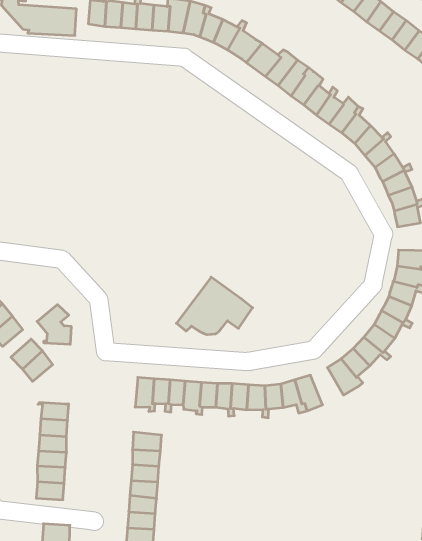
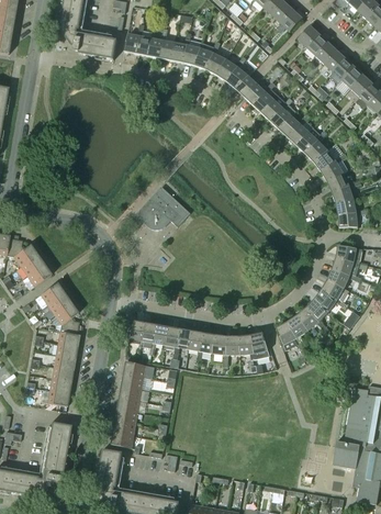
building: [176,277,253,335] -> [132,186,190,228]
building: [37,305,71,344] -> [54,303,79,334]

